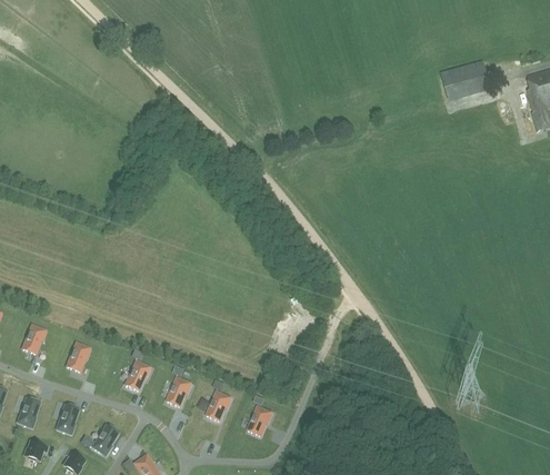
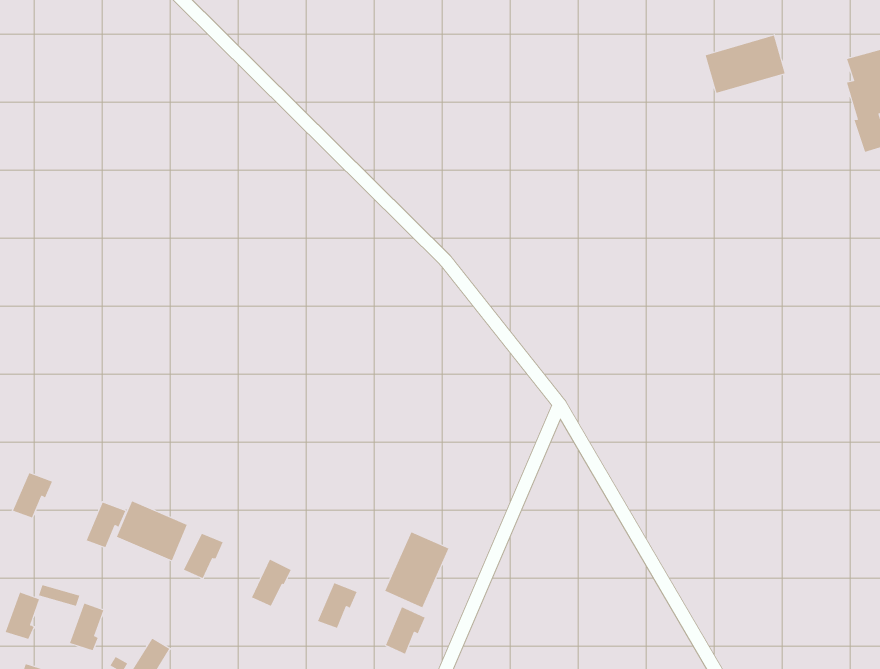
building: none -> [116,501,188,561]
building: none -> [384,531,449,608]

